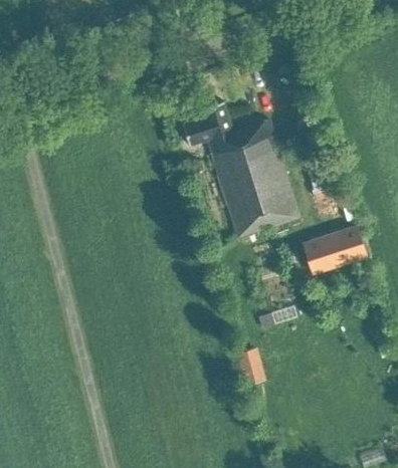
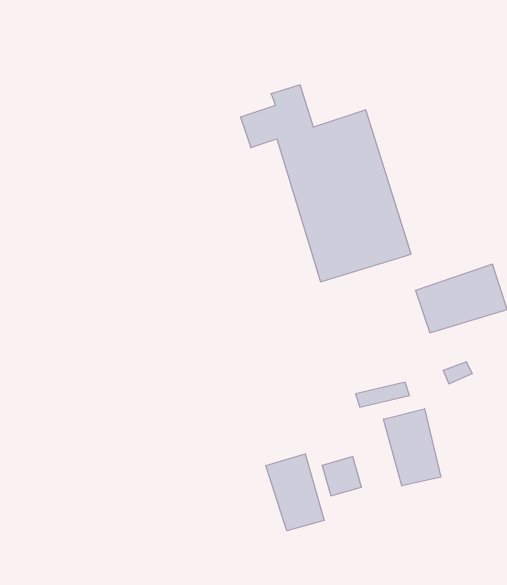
building: none -> [384,409,441,486]
building: none -> [266,454,324,531]

